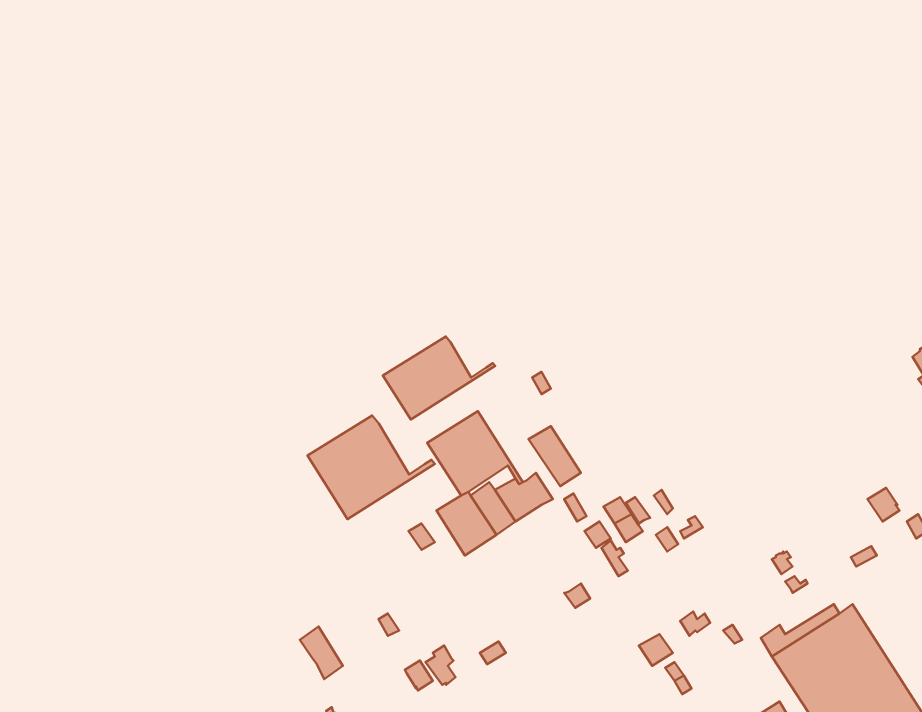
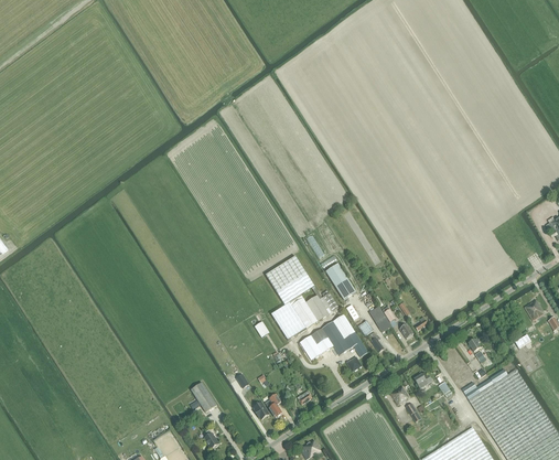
building: [383,336,495,419] -> none
building: [307,415,435,519] -> none
building: none -> [300,314,368,361]

